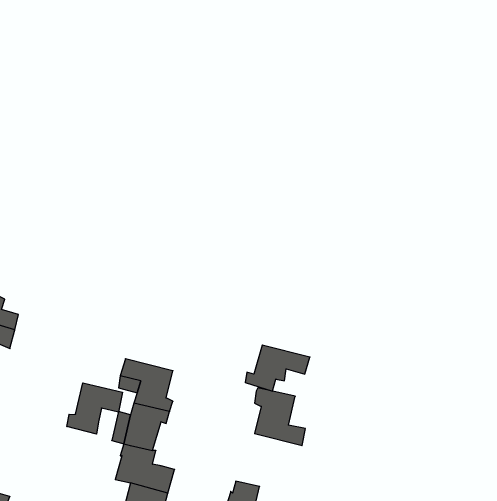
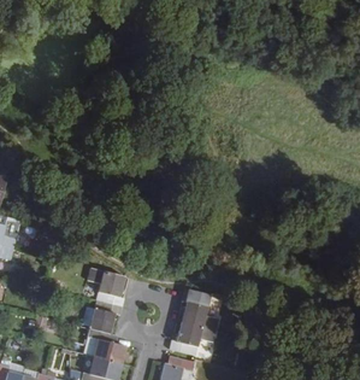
building: [245,345,310,391] -> [171,321,217,353]
building: [67,383,122,434] -> none

